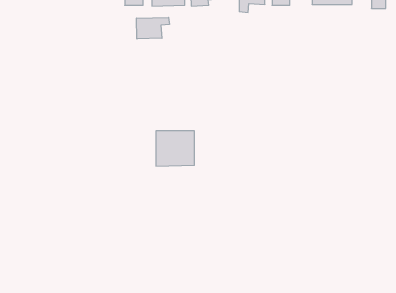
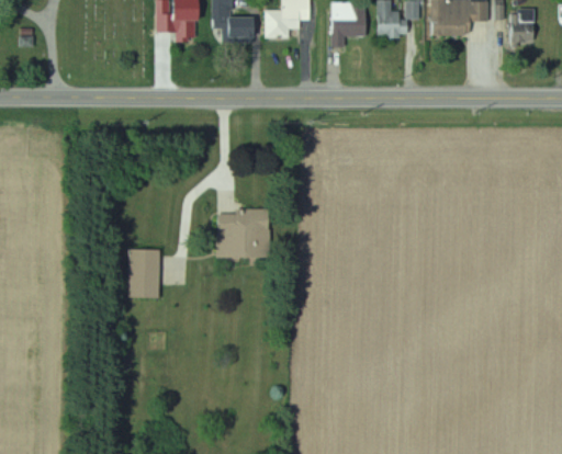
building: [137,17,169,39] -> none
building: none -> [128,250,159,297]

